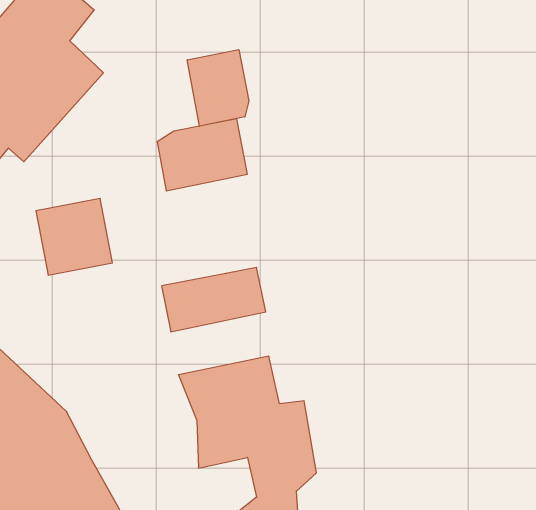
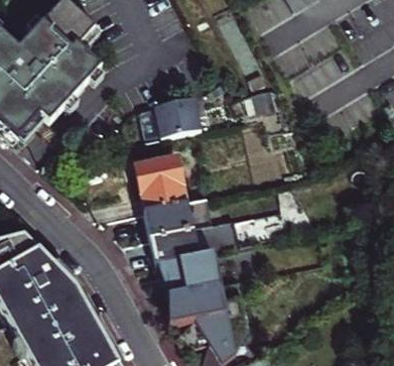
building: [187,50,249,126] -> none
building: [36,199,112,275] -> [135,155,185,206]
building: none -> [149,215,259,264]

